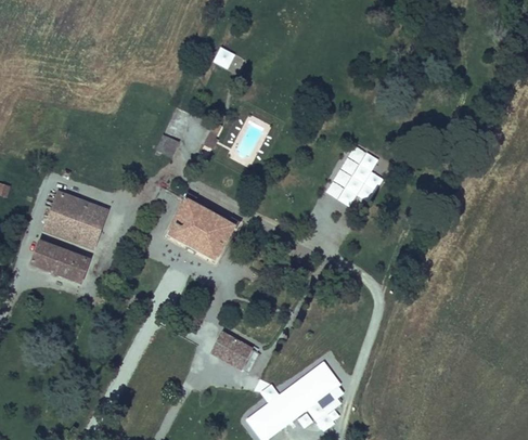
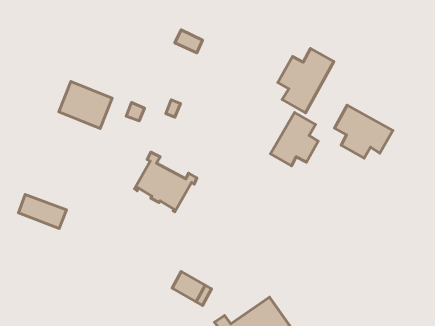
building: none -> [278,48,334,113]
building: none -> [334,105,393,158]
building: [42,192,105,247] -> [59,82,112,128]

